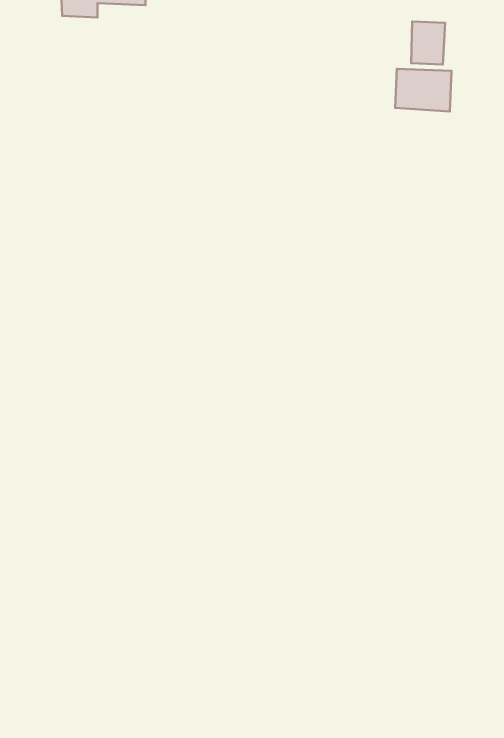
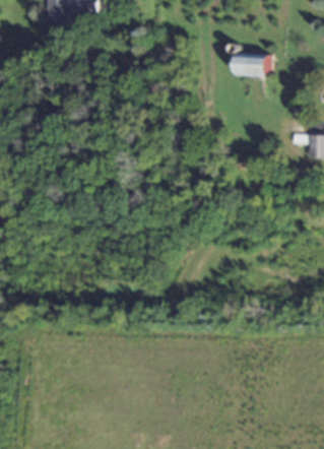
building: [411,22,445,64] -> none

